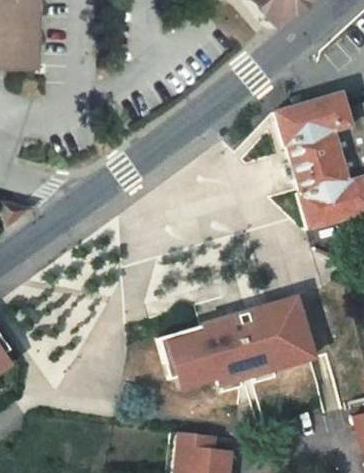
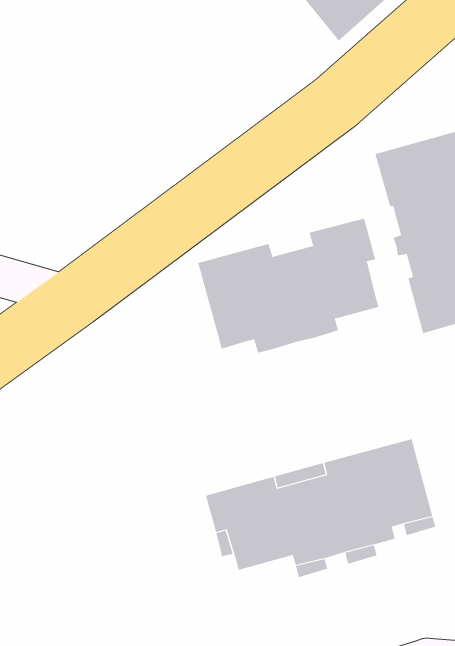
building: none -> [198,218,379,353]

